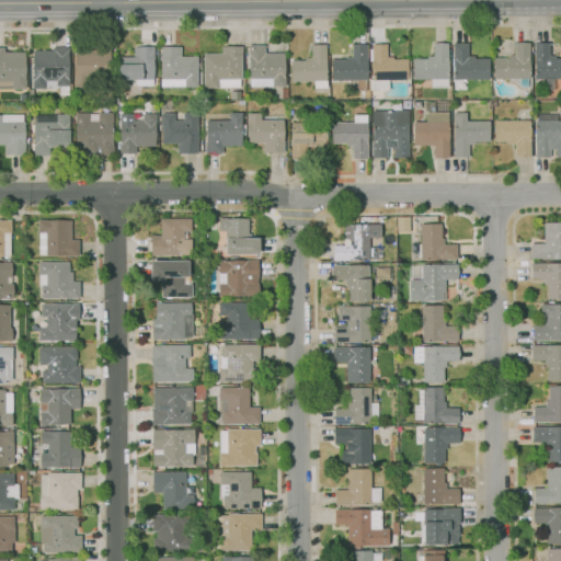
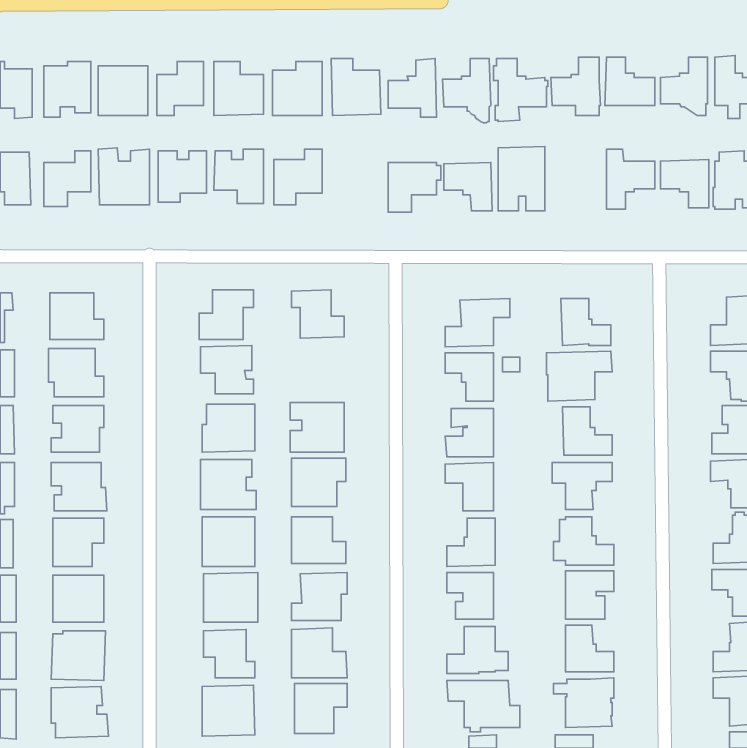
building: [414,111,450,158] -> none
building: [248,113,285,152] -> none
building: [218,259,259,296] -> none

